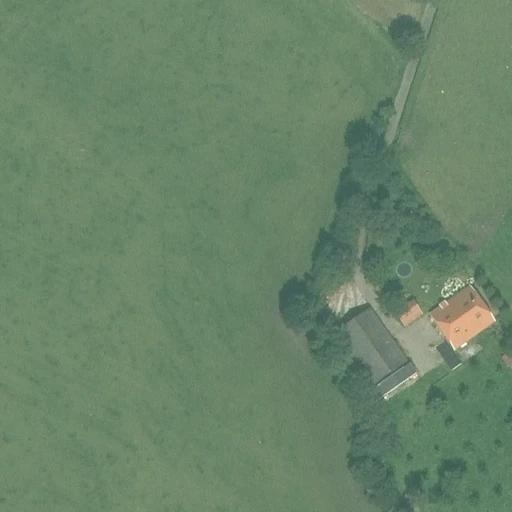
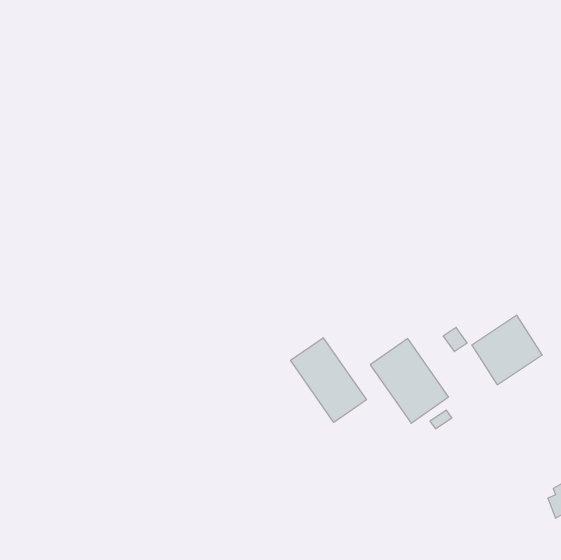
building: none -> [290,338,366,422]

